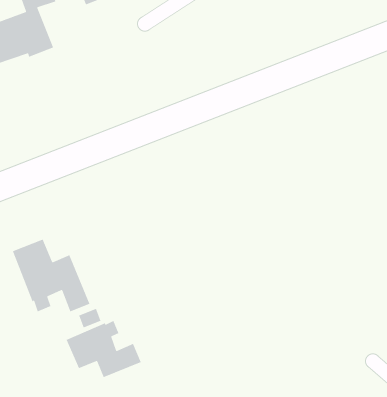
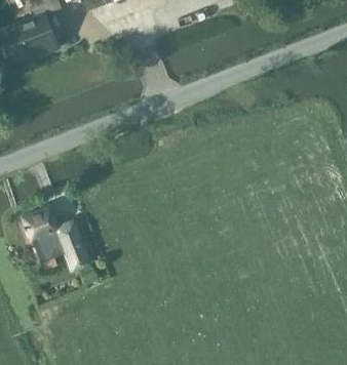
building: [66,320,142,378] -> none

